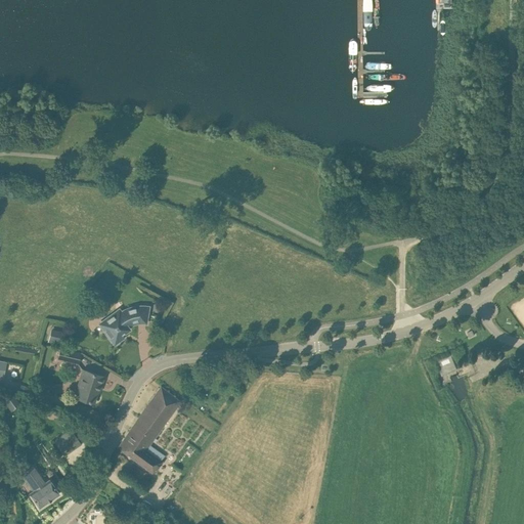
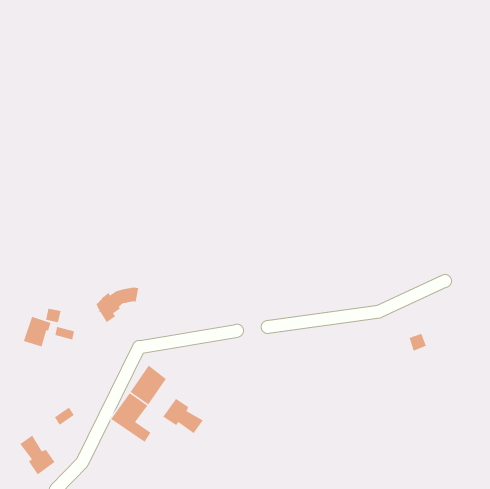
building: [74,370,104,404] -> [23,316,52,347]
building: none -> [162,398,204,434]

